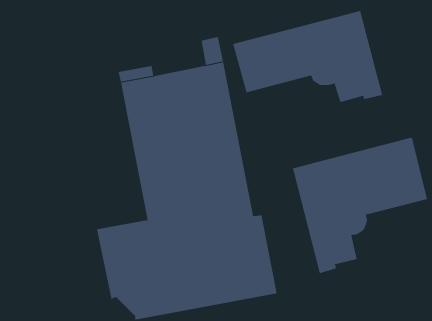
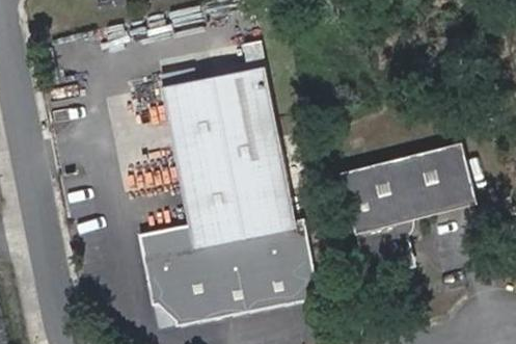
building: [233,10,383,103] -> none

